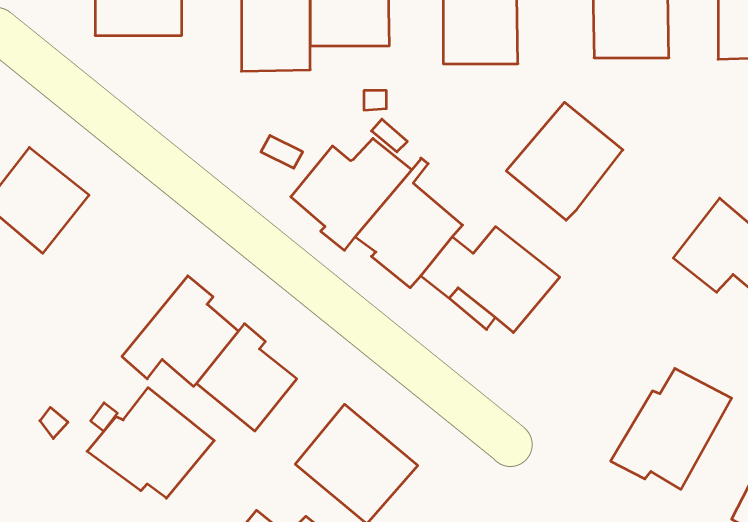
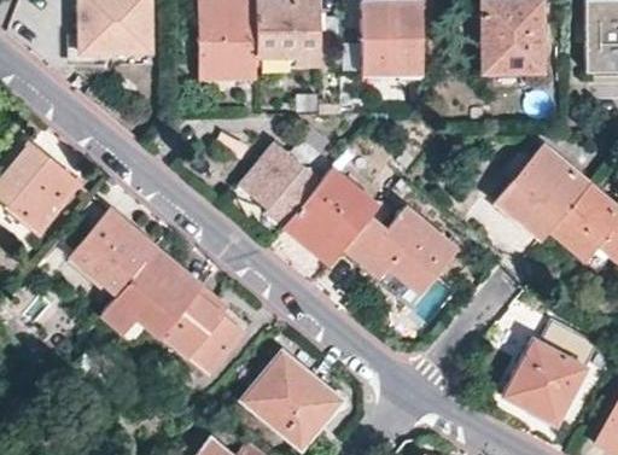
building: [506,102,623,220] -> [491,146,585,241]
building: none -> [71,209,151,294]
building: [87,388,214,498] -> none

